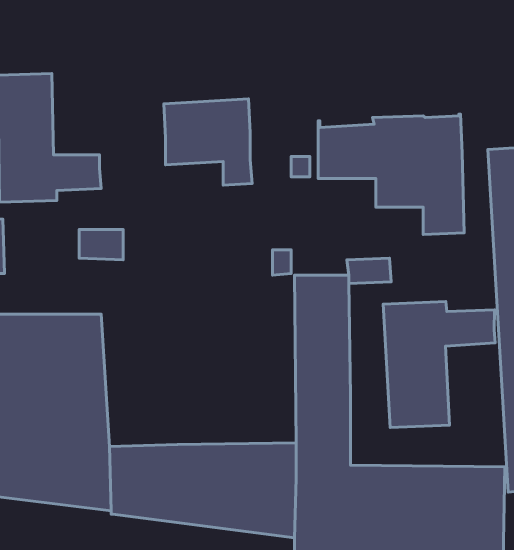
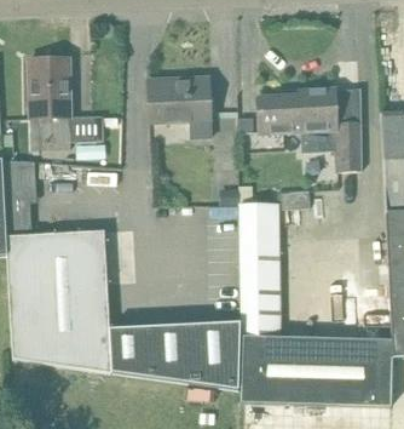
building: [383,302,495,427] -> none

